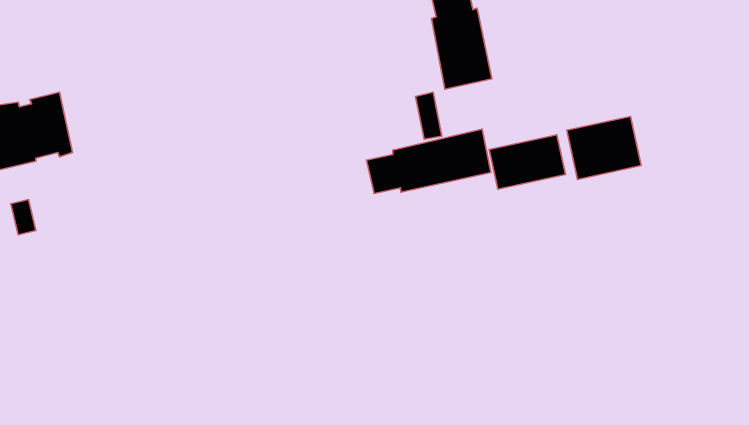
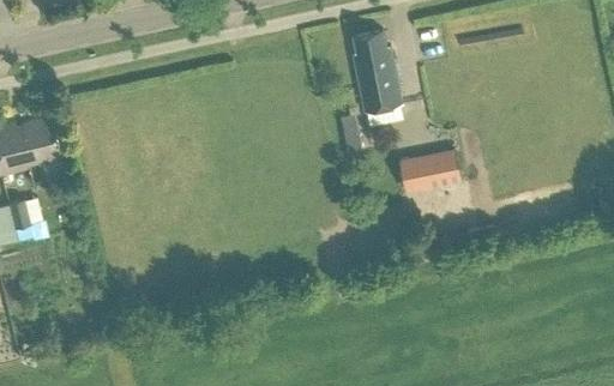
building: [567,116,641,179] -> none
building: [367,129,491,194] -> none

